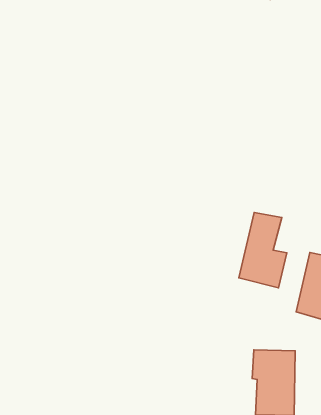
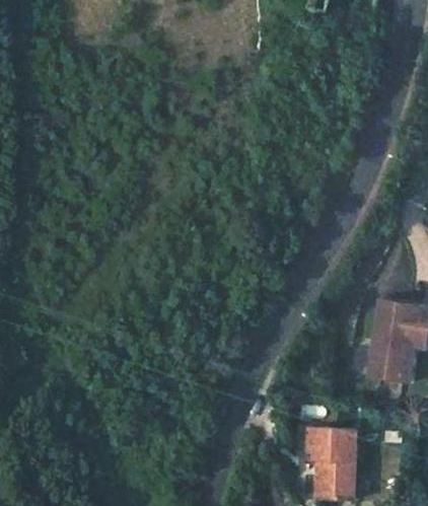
building: [239,212,287,288] -> none

